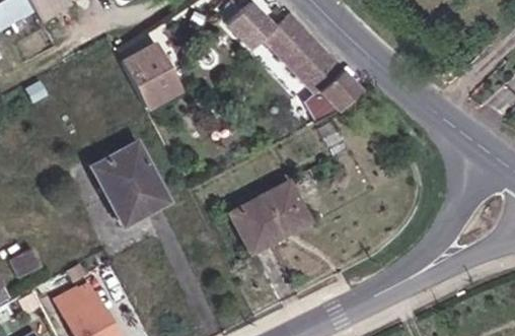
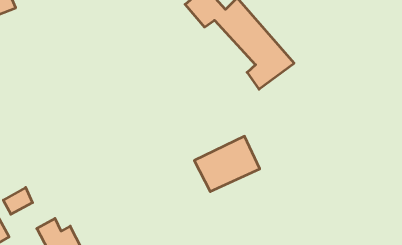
building: [125,37,183,100] -> none
building: [90,135,167,217] -> none

